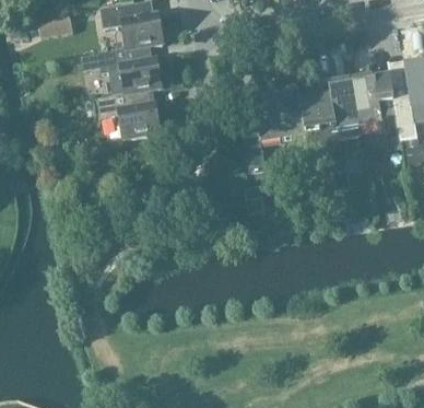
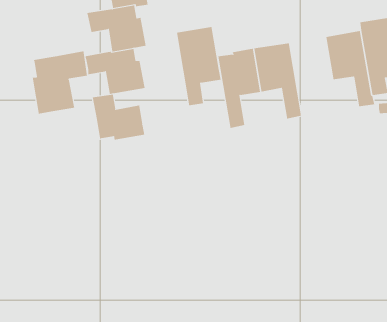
building: [314,80,362,164] -> [176,26,222,106]
building: none -> [32,50,87,114]
building: none -> [92,94,145,140]

